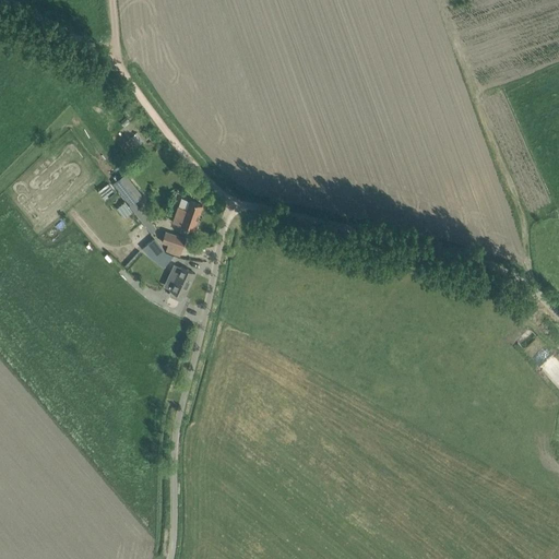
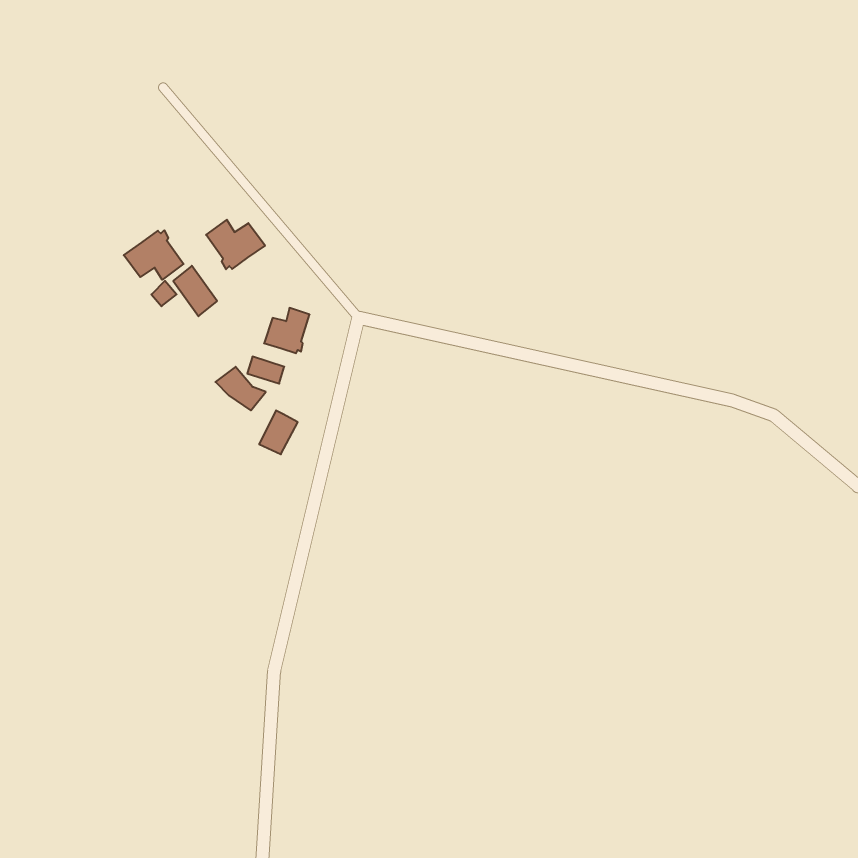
building: none -> [206,220,265,269]
building: none -> [124,230,184,280]

